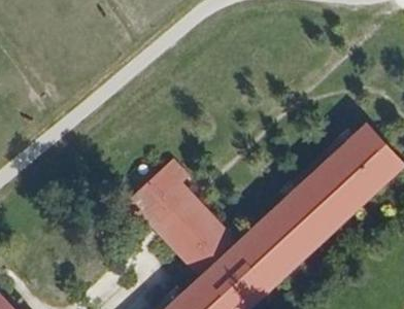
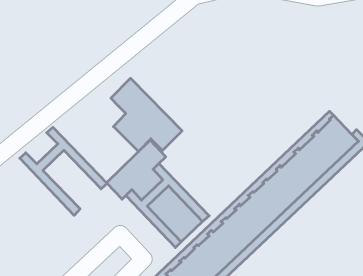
building: none -> [111,78,182,152]
building: none -> [20,127,107,215]

